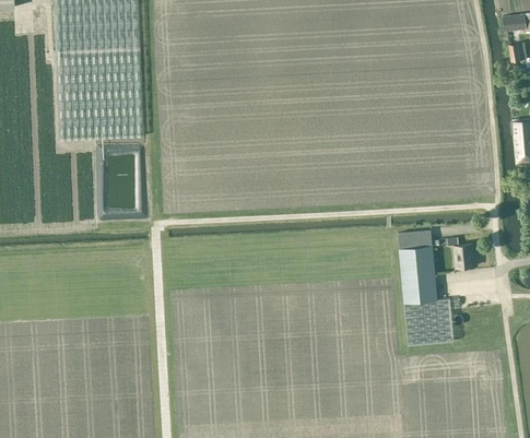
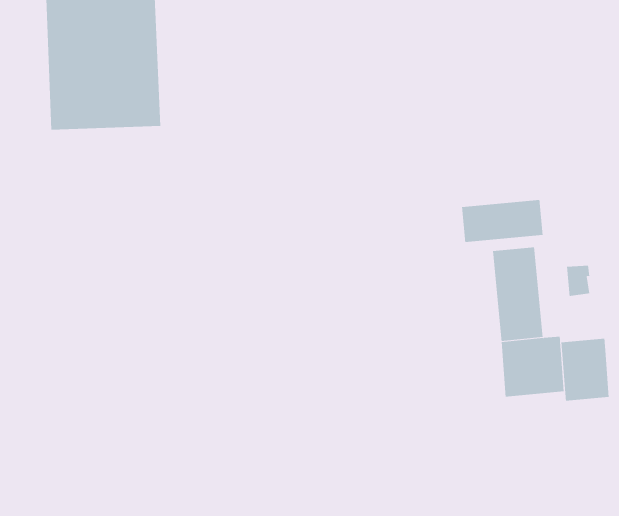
building: none -> [462,199,543,243]
building: none -> [561,338,609,401]

